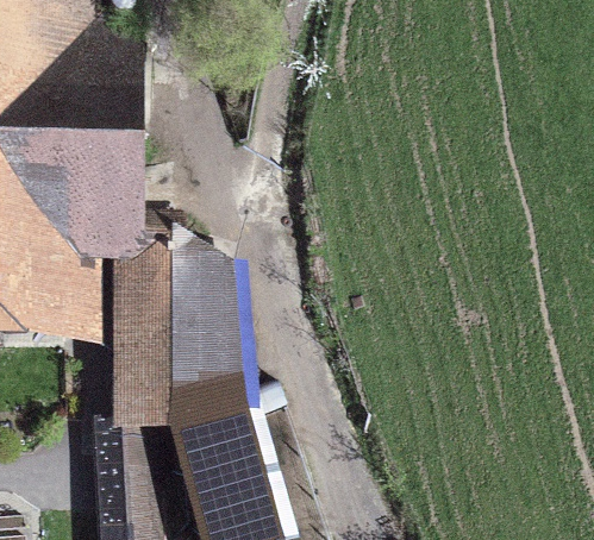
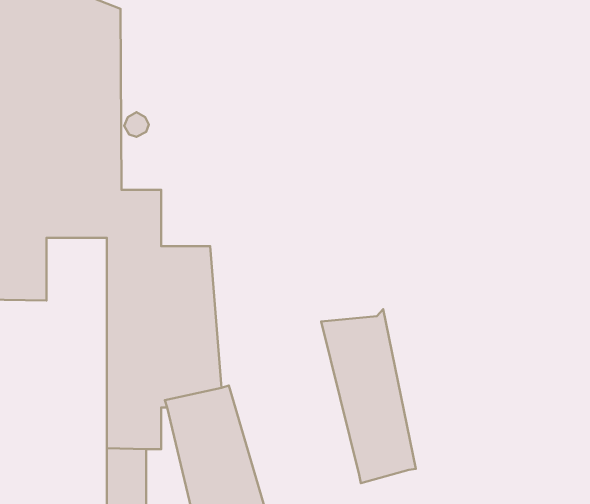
building: none -> [321,309,416,483]

